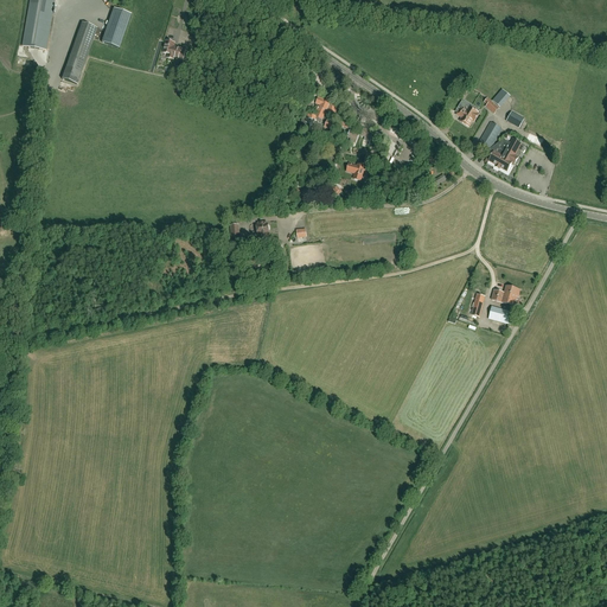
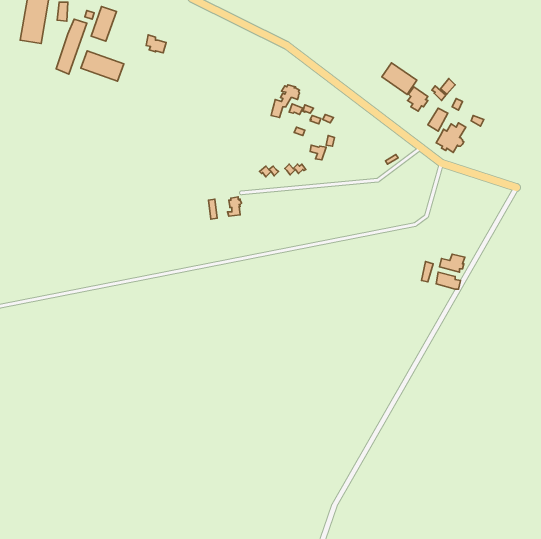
building: none -> [81,51,124,81]
building: none -> [382,63,417,94]

